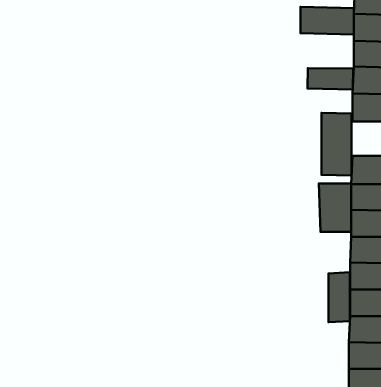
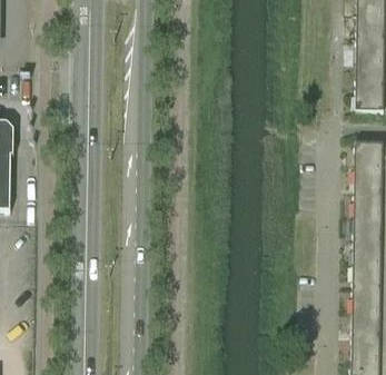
building: [300,7,354,34] -> none
building: [307,68,353,90] -> none
building: [321,113,352,176] -> none
building: [319,183,351,232] -> none
building: [328,272,350,322] -> none

